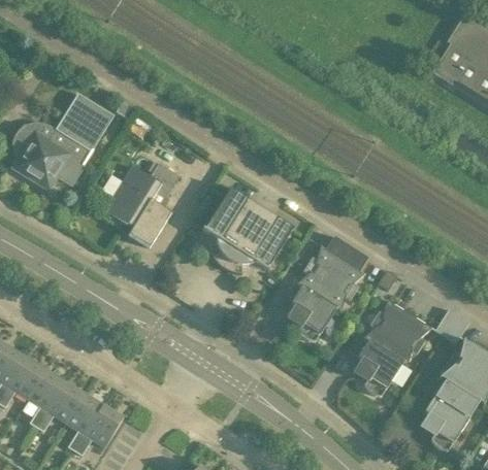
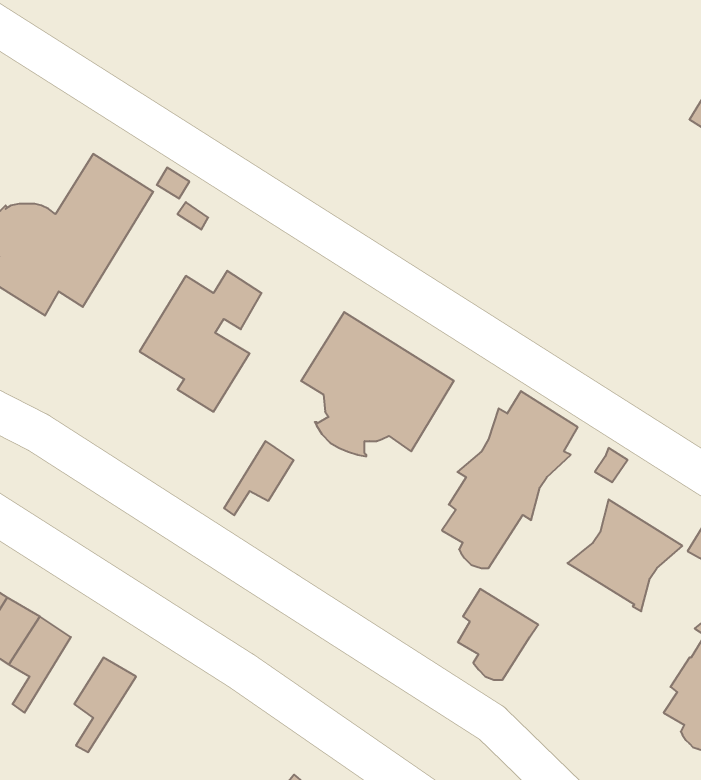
building: none -> [224,441,294,515]
building: [354,341,402,396] -> [458,589,538,680]
building: [36,382,84,432] -> none
building: [74,406,123,456] -> none

